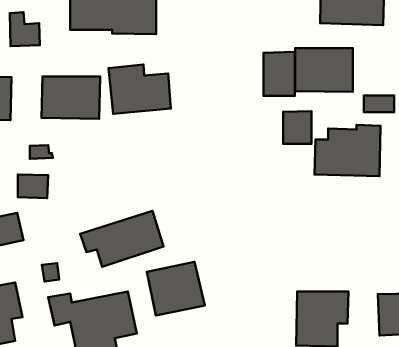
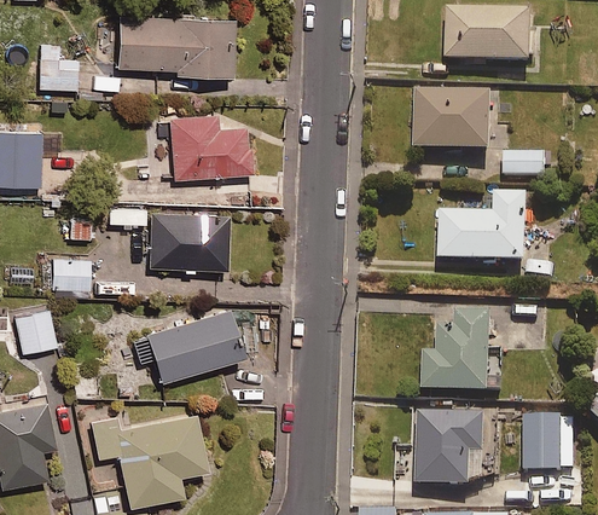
building: [263,52,295,96] -> none
building: [42,77,100,119] -> [149,212,226,267]
building: [283,111,311,144] -> none
building: none -> [423,312,490,390]
building: [147,262,205,316] -> none

